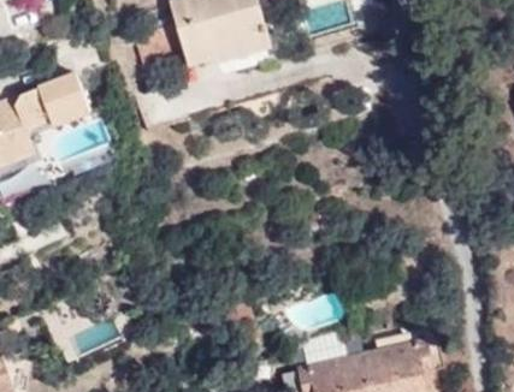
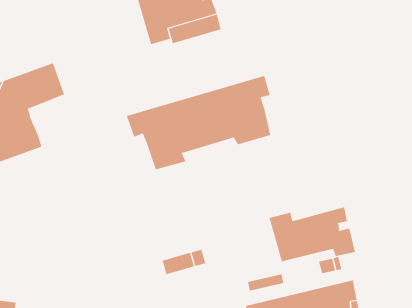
building: none -> [126,75,271,170]
building: none -> [269,207,355,262]

